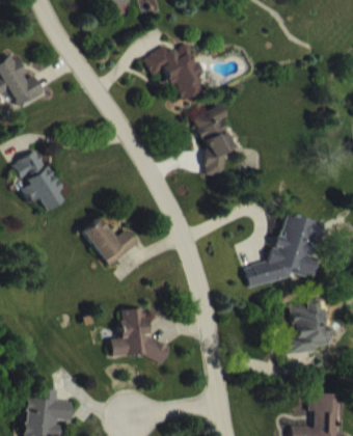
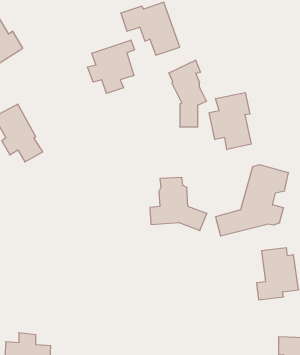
building: none -> [87,40,134,93]
building: none -> [209,93,251,150]
building: [83,218,140,267] -> none
building: [111,308,170,363] -> [150,178,207,230]

